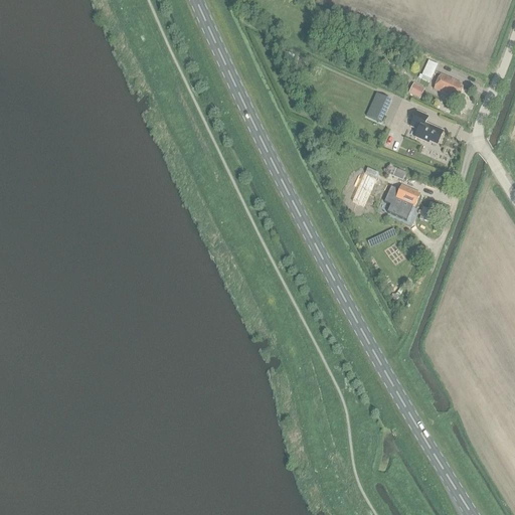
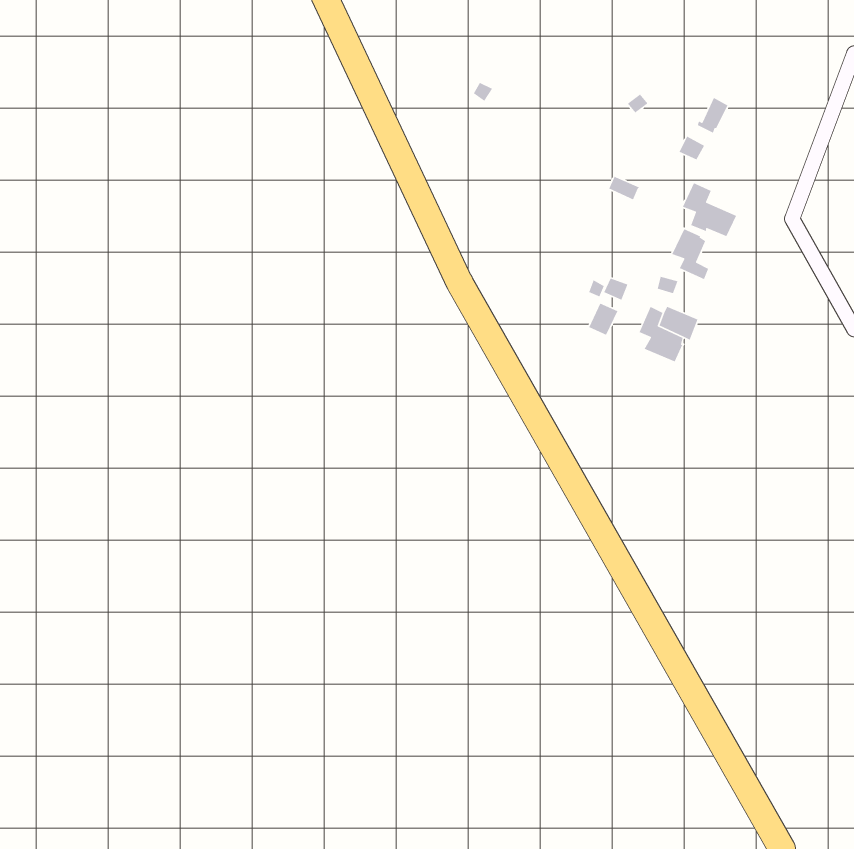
building: [434,72,463,97] -> none
building: none -> [671,228,709,280]

